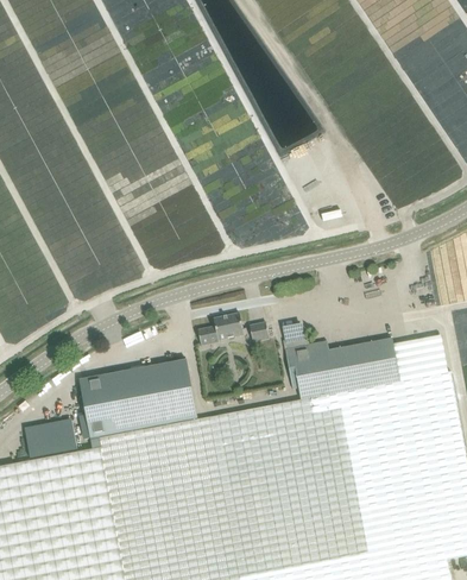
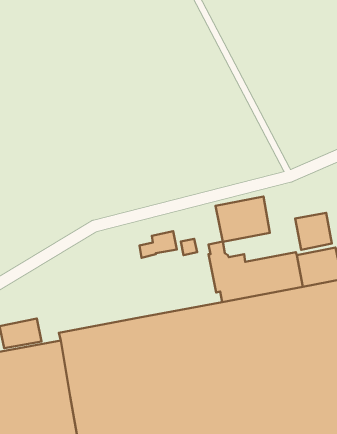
building: none -> [215,197,270,242]
building: none -> [295,213,332,250]
building: [78,361,197,441] -> none

